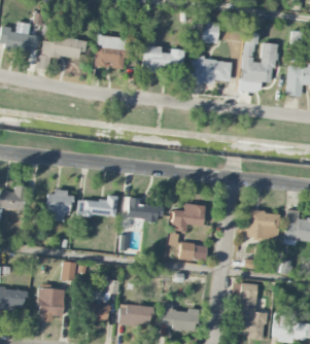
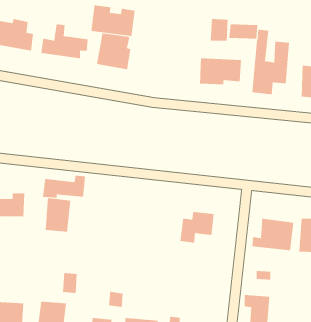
building: [142,44,184,74] -> [91,5,136,37]
building: [76,195,117,216] -> [42,175,86,198]
building: [128,197,161,221] -> none
building: [179,242,207,261] -> none

